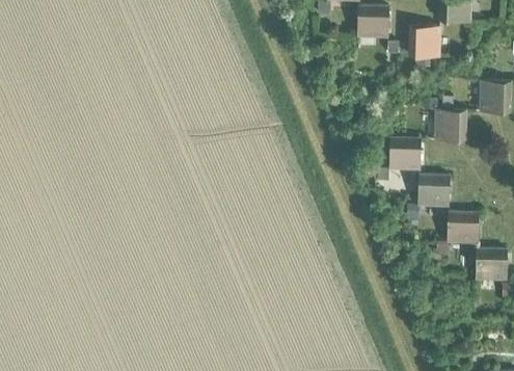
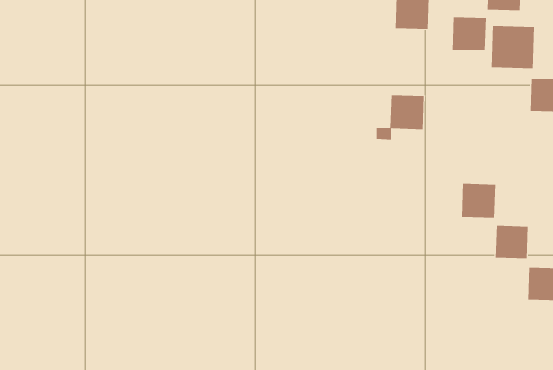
building: none -> [491,25,534,69]
building: [435,109,465,140] -> none
building: [377,138,421,179] -> [376,95,425,140]

